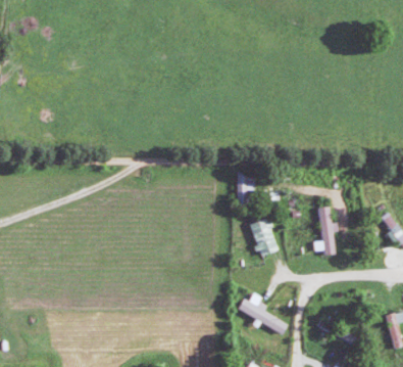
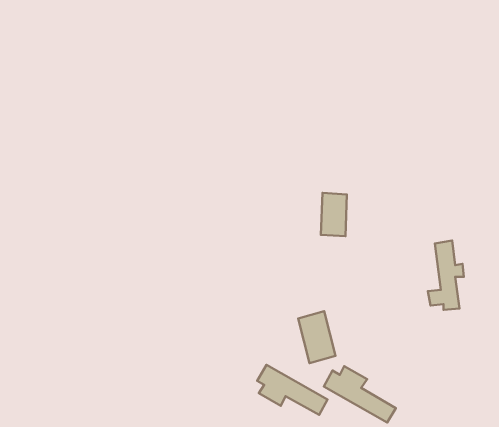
building: [250,218,276,255] -> [298,311,336,363]
building: none -> [257,365,327,415]

